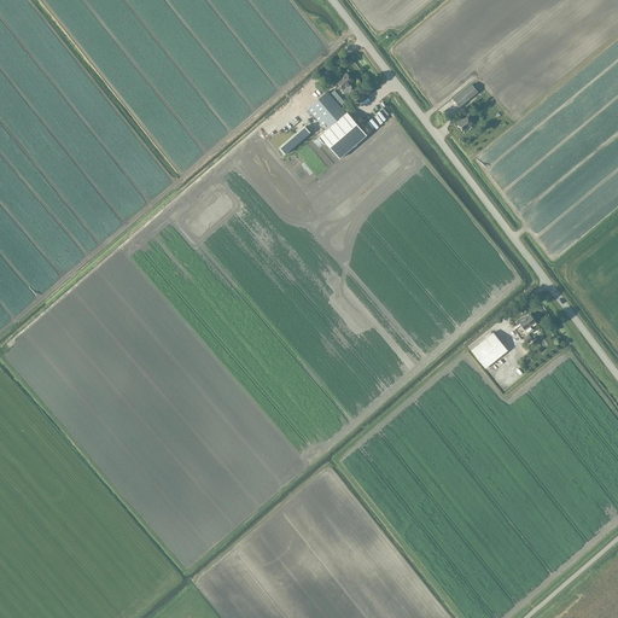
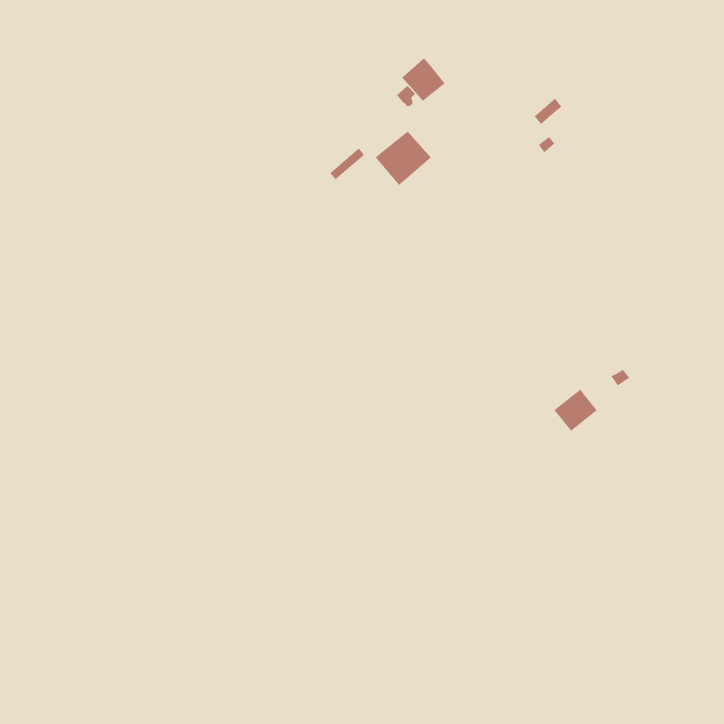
building: [309,91,346,128] -> [402,57,446,101]

